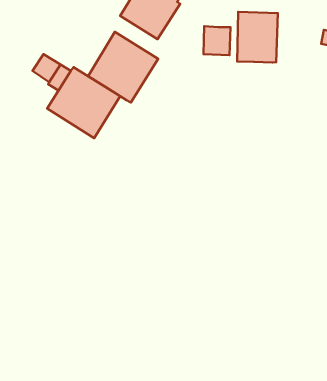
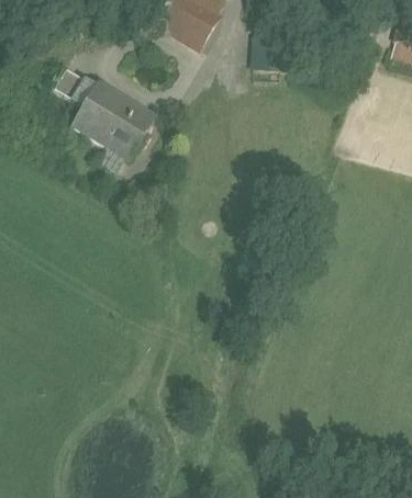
building: [237,12,278,63] -> none
building: [88,32,158,102] -> none

